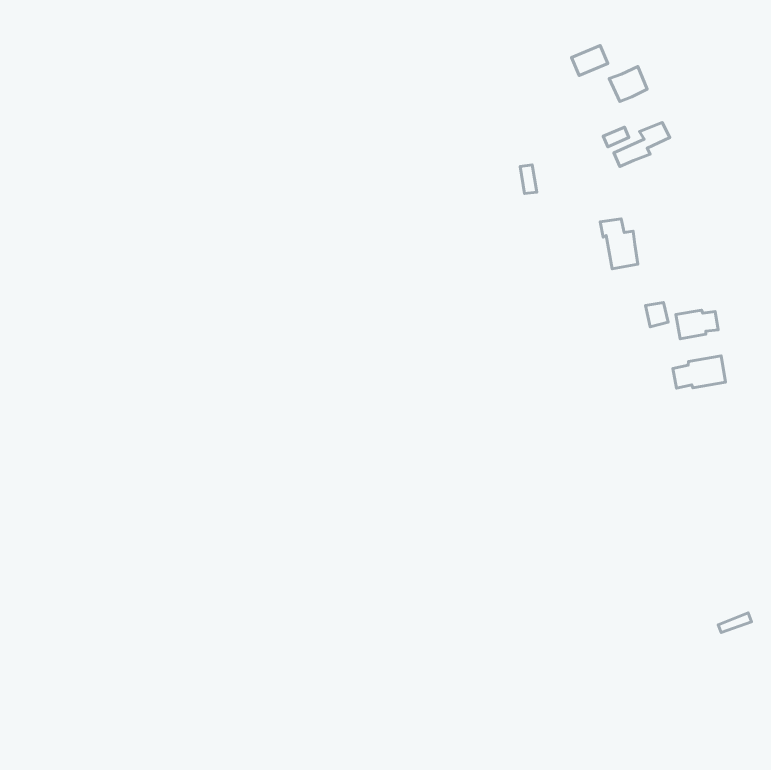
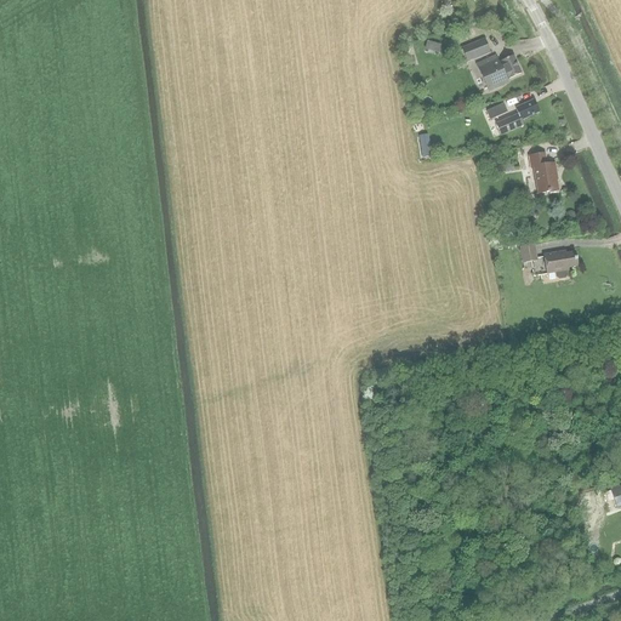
building: [600,219,638,269] -> [526,152,557,192]
building: [673,356,725,388] -> none

